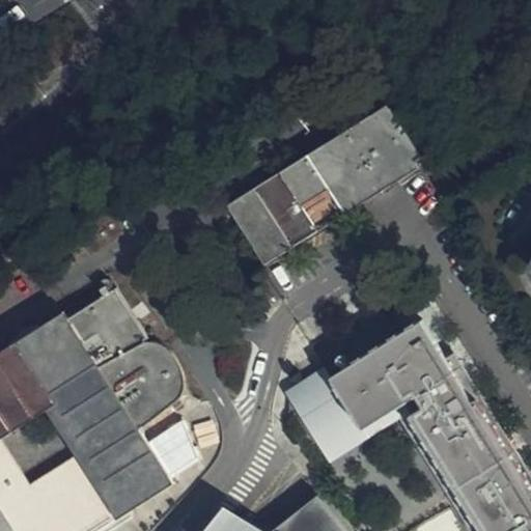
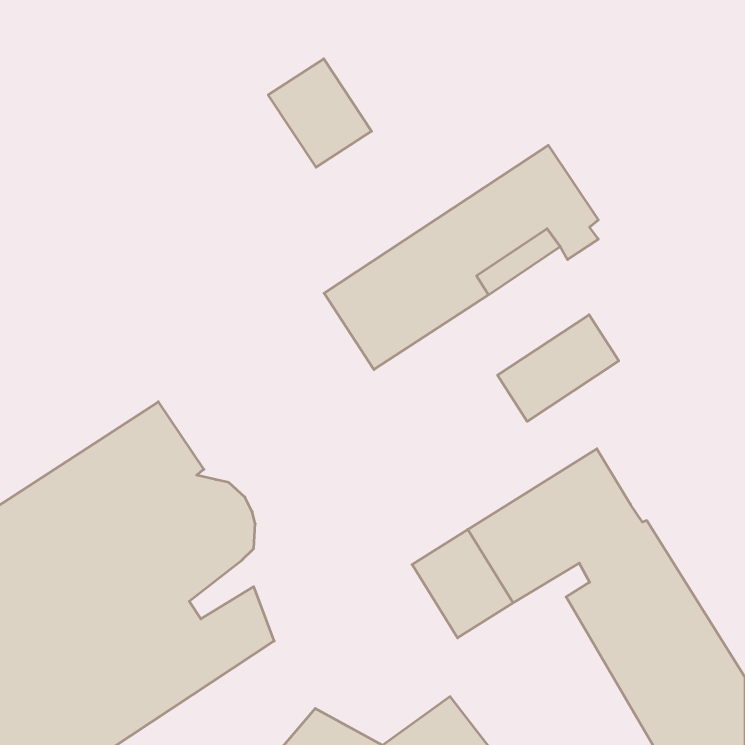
building: none -> [268,59,372,167]
building: none -> [498,315,619,421]

